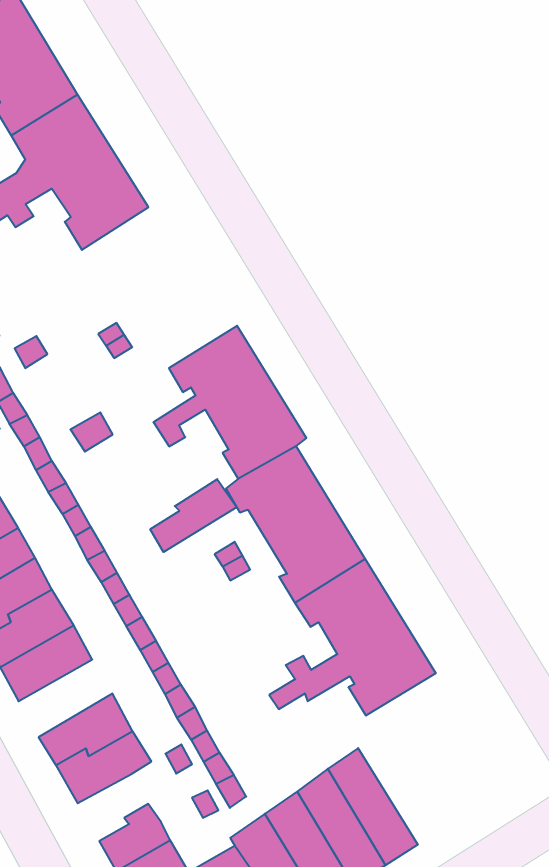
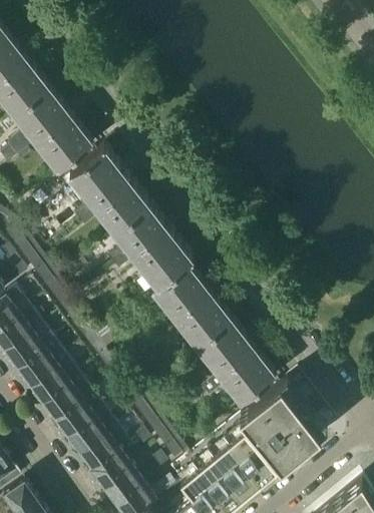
building: none -> [69,149,148,233]
building: [150,479,237,552] -> none
building: none -> [54,395,104,440]
building: none -> [244,384,326,470]
building: none -> [92,454,130,492]

